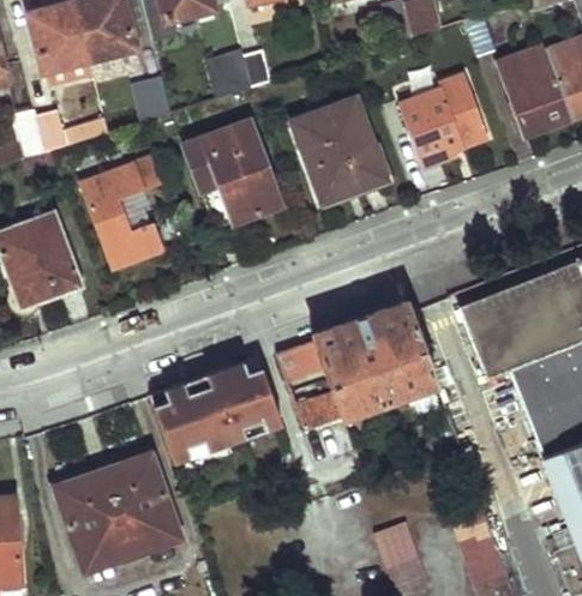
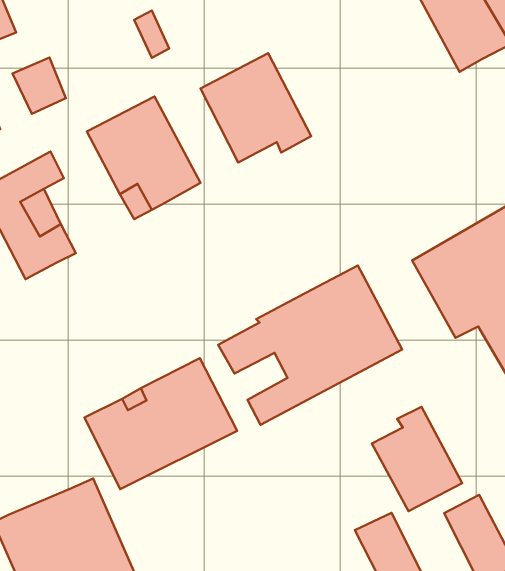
building: [208,52,253,97] -> none
building: [398,77,488,170] -> none
building: none -> [372,407,462,511]

